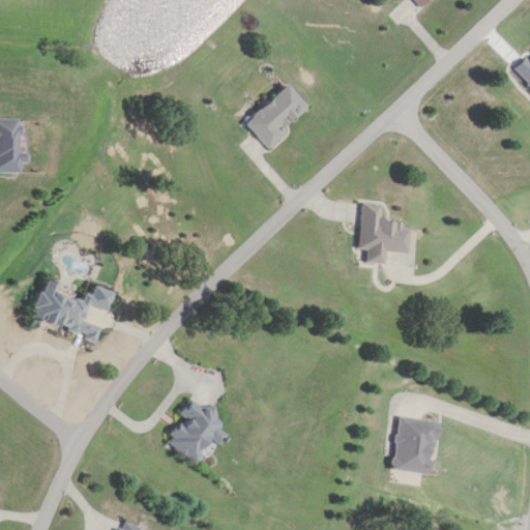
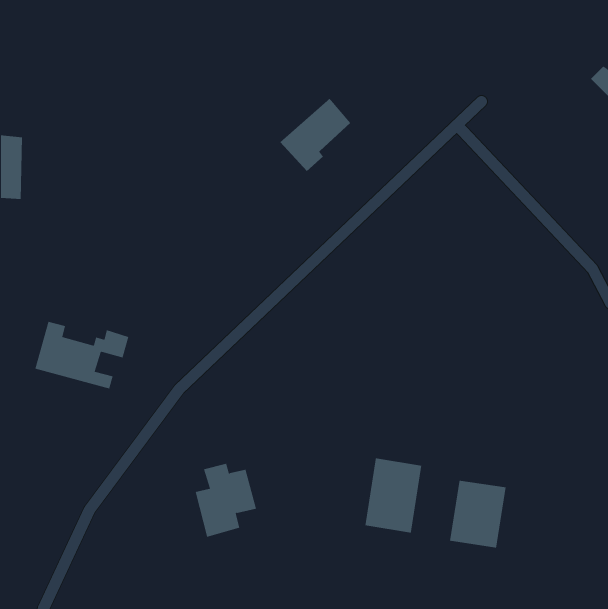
building: [359,203,411,264] -> none
building: none -> [365,457,422,534]

